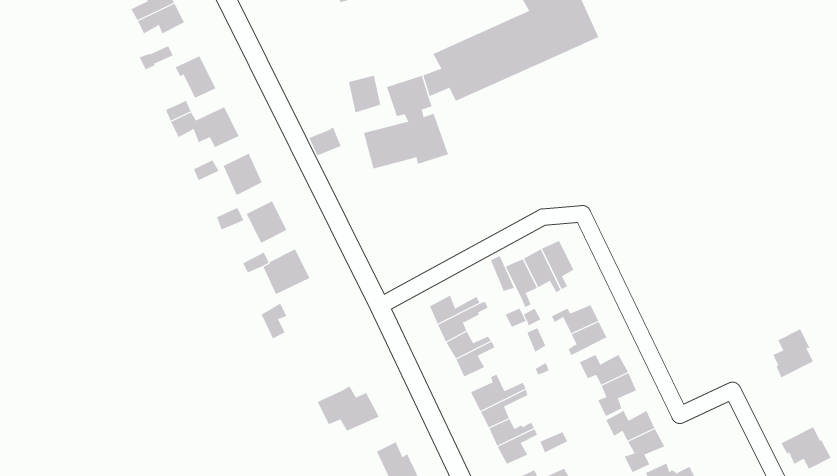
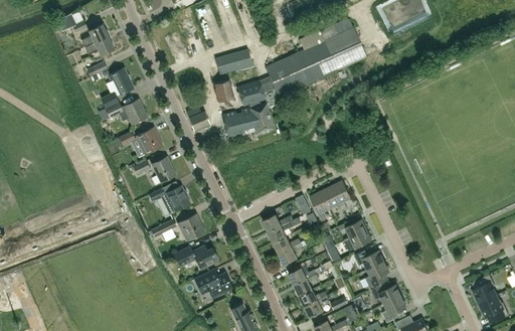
building: none -> [214,49,251,74]
building: none -> [178,214,204,240]
building: [773,329,814,378] -> [472,275,497,305]
building: none -> [173,245,218,270]

